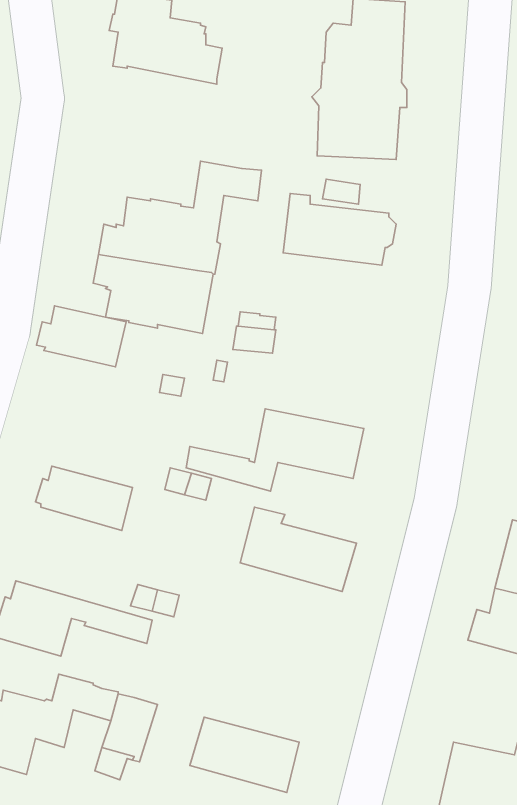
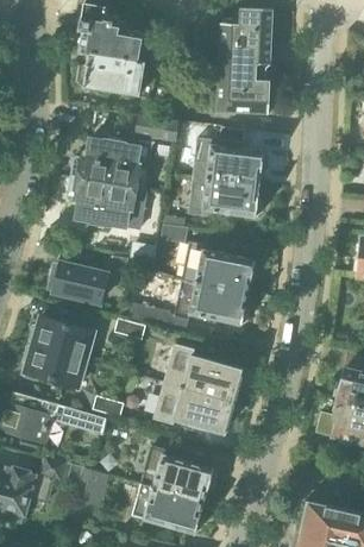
building: none -> [77,52,156,96]
building: none -> [188,176,262,216]
building: [37,306,126,367] -> [48,263,107,303]
building: none -> [181,241,253,293]
building: none -> [23,345,86,388]
building: none -> [153,382,232,433]
building: none -> [140,452,213,501]

